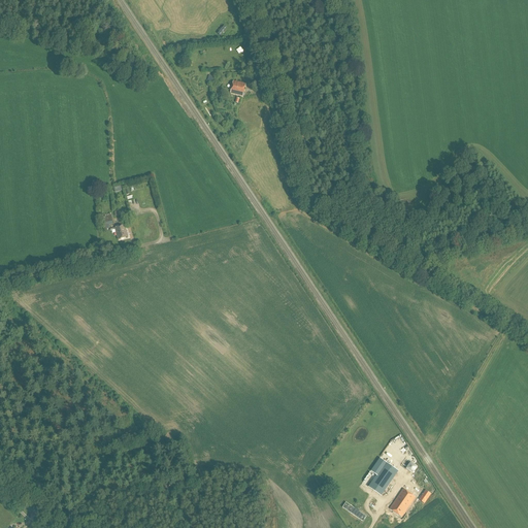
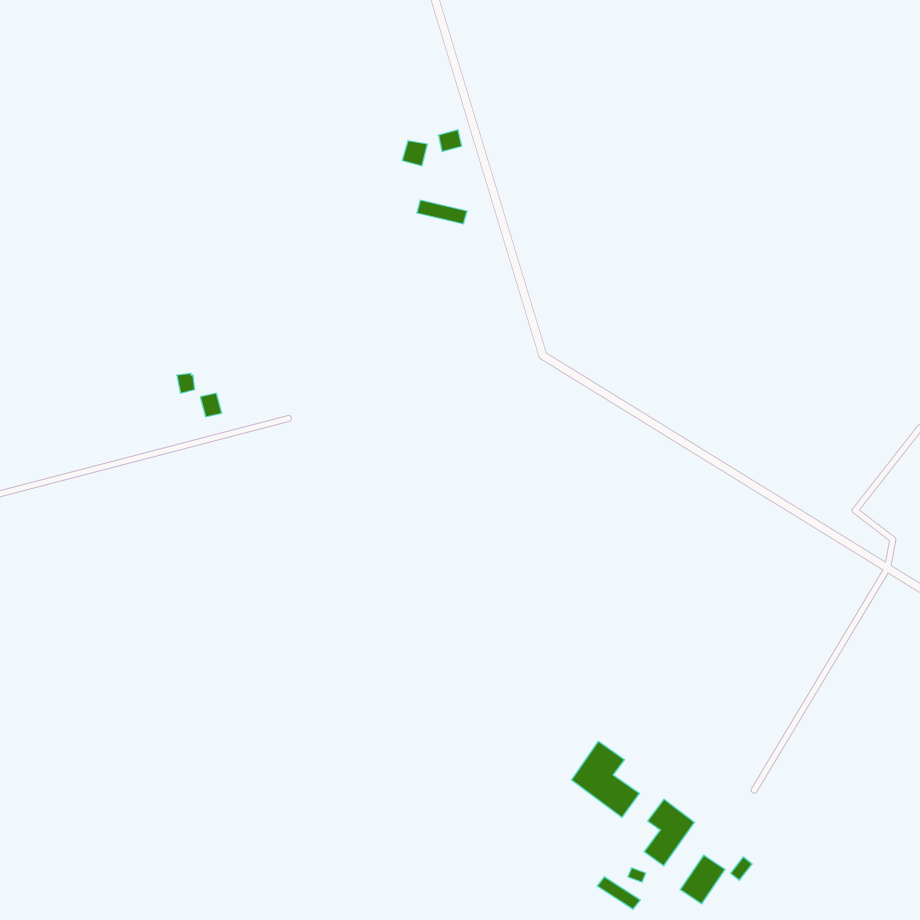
building: none -> [572,741,639,818]

